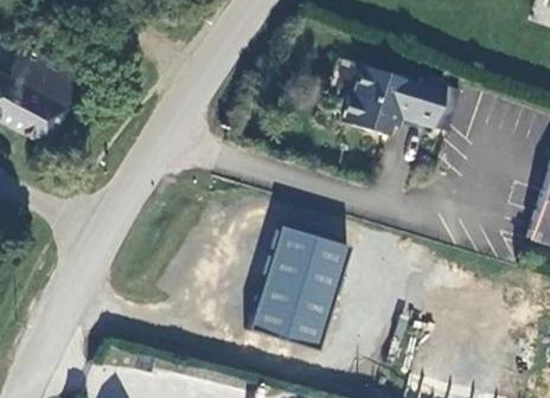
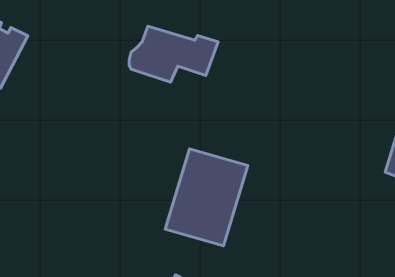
building: [339,71,452,142] -> [129,26,218,82]

